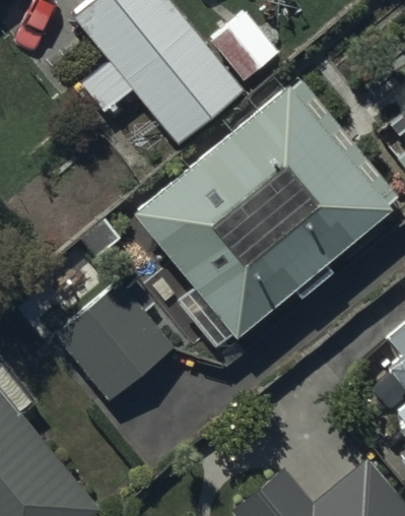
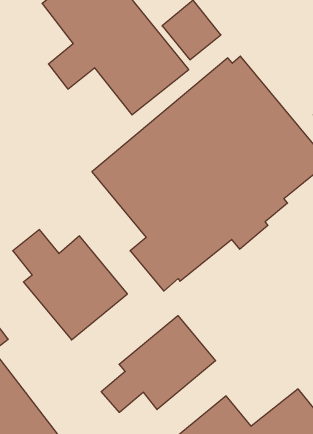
building: none -> [101,316,216,412]

